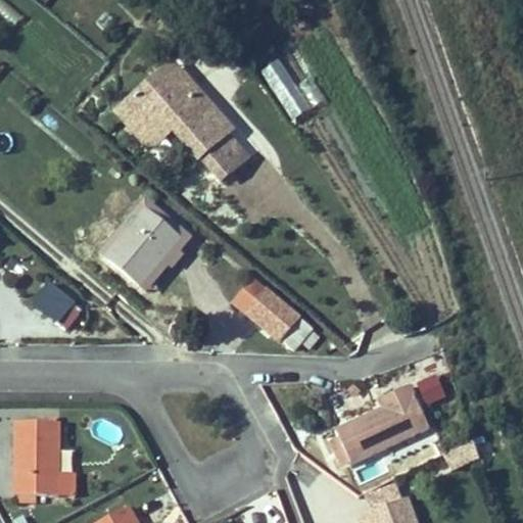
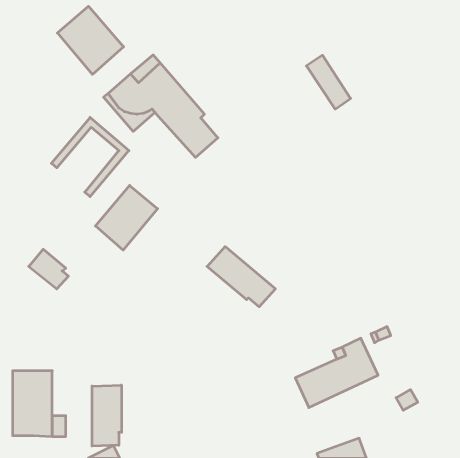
building: none -> [57,6,124,74]
building: [260,57,311,118] -> [306,55,351,109]
building: [102,199,190,289] -> [51,117,129,197]
building: none -> [92,385,122,446]

